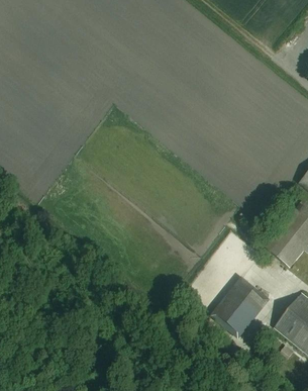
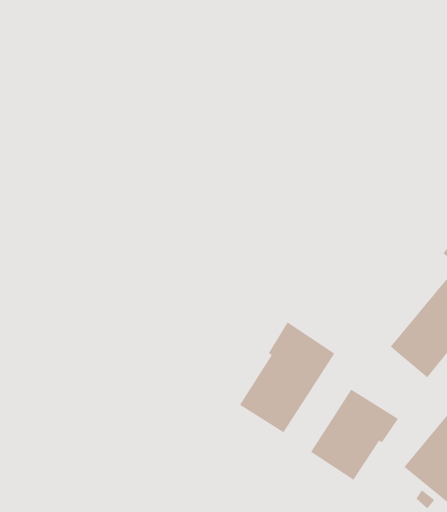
building: none -> [239,322,335,433]

